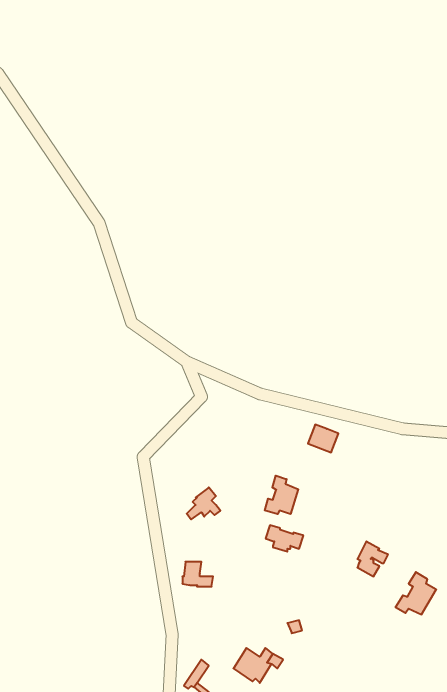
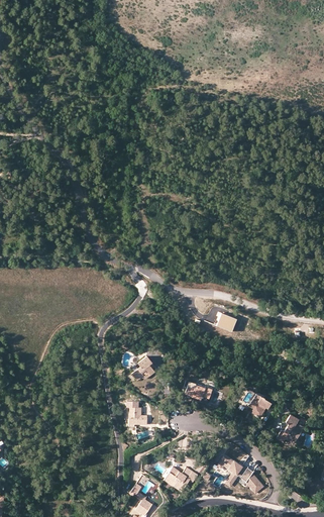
building: [265,476,298,514] -> none
building: none -> [219,454,262,493]

